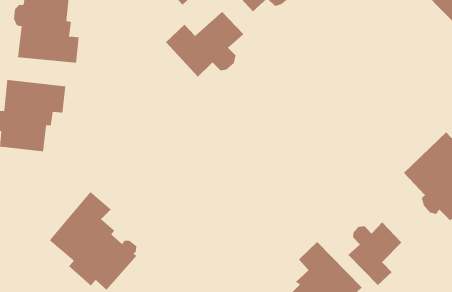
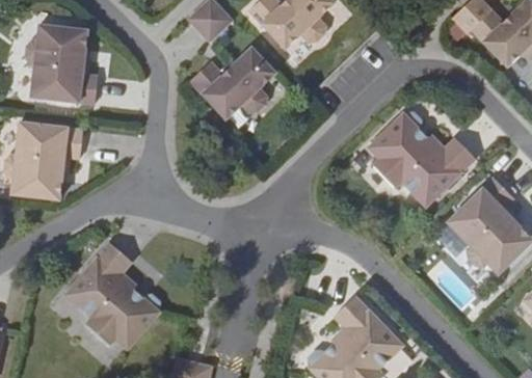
building: none -> [368,112,475,207]
building: [348,222,402,286] -> none

